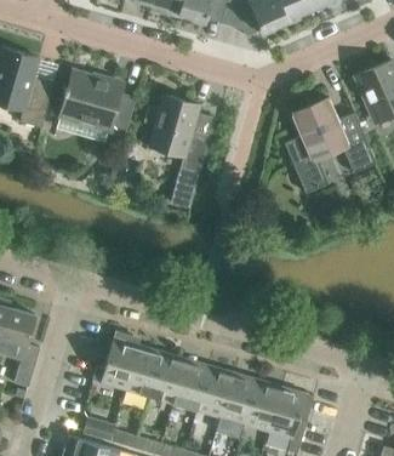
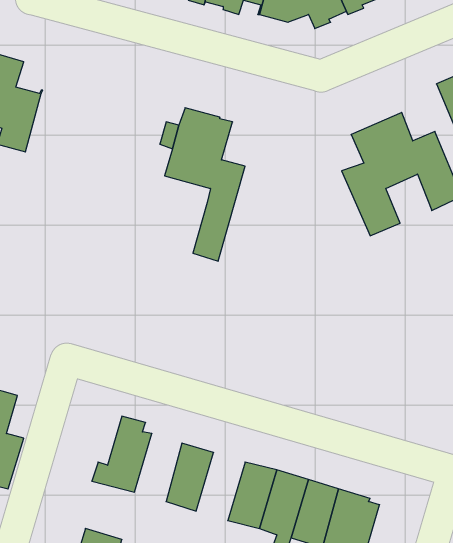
building: [61,69,136,146] -> none
building: [125,343,161,395] -> none
building: [172,358,210,410] -> none

